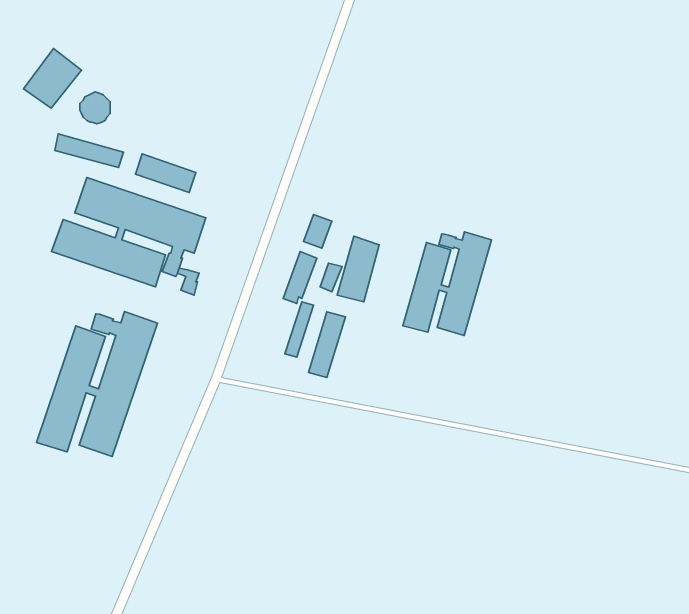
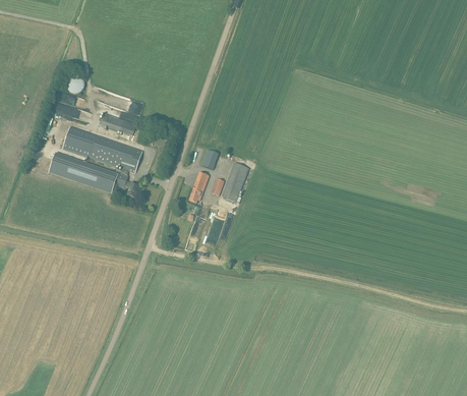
building: [23,48,81,108] -> none
building: [403,232,492,335] -> none
building: [36,312,158,457] -> none

